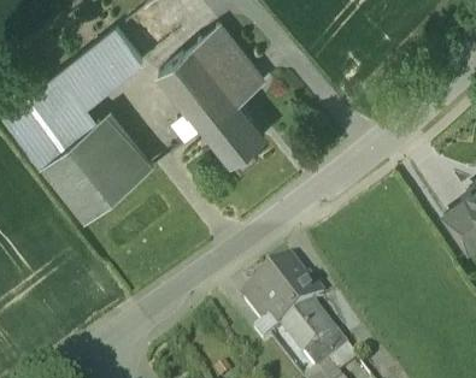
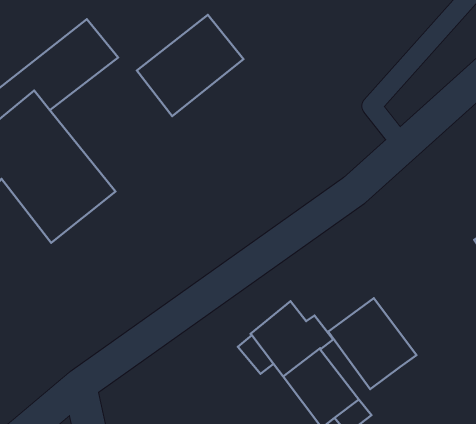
building: [184,53,264,163] -> none
building: none -> [327,298,416,389]

